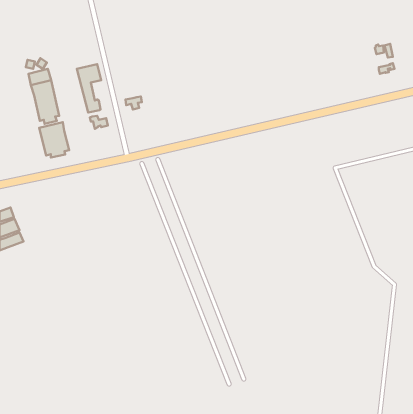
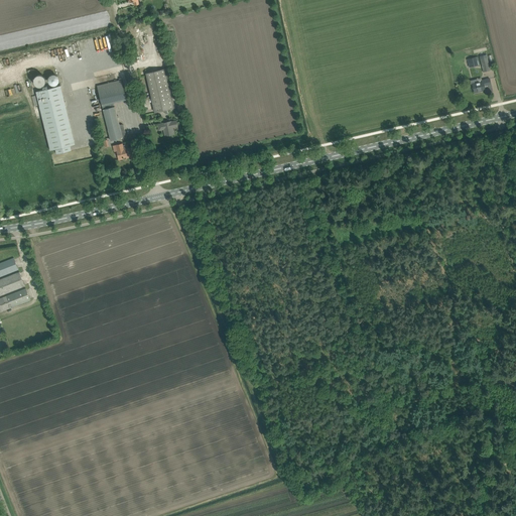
building: none -> [145,69,173,113]
building: [39,122,69,158] -> none

